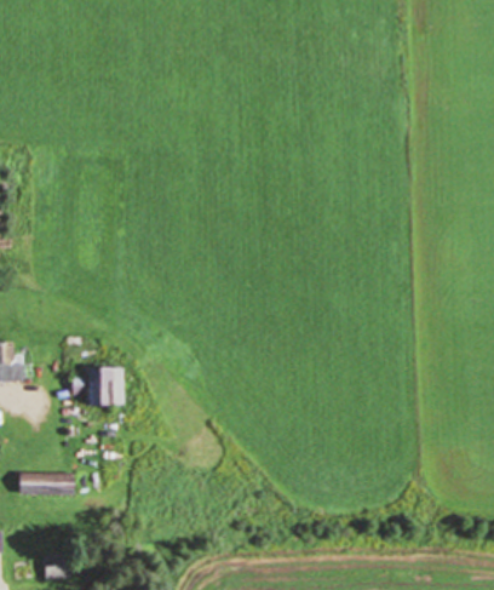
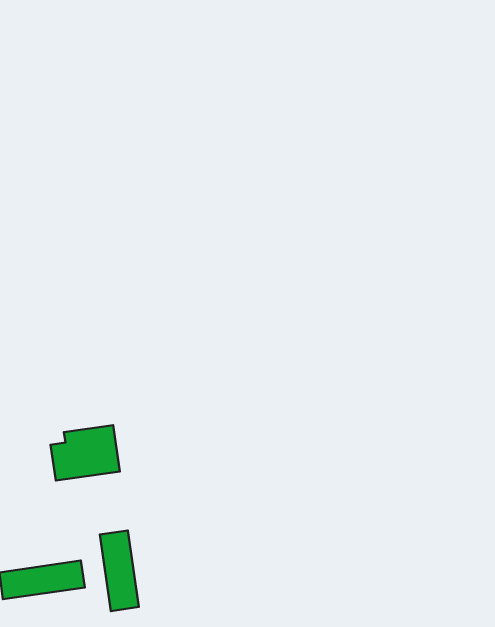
building: none -> [100,530,139,611]

